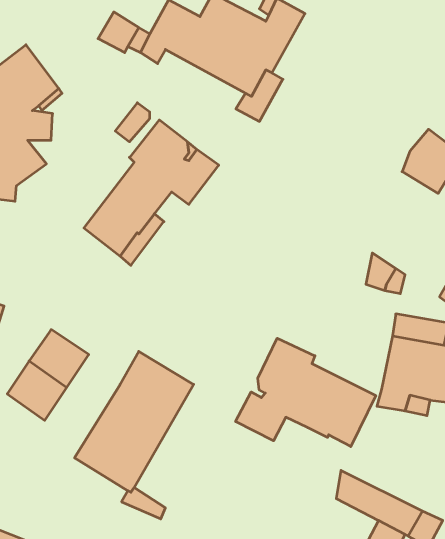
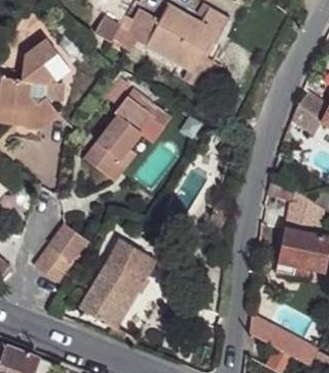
building: [236,338,376,447] -> none

